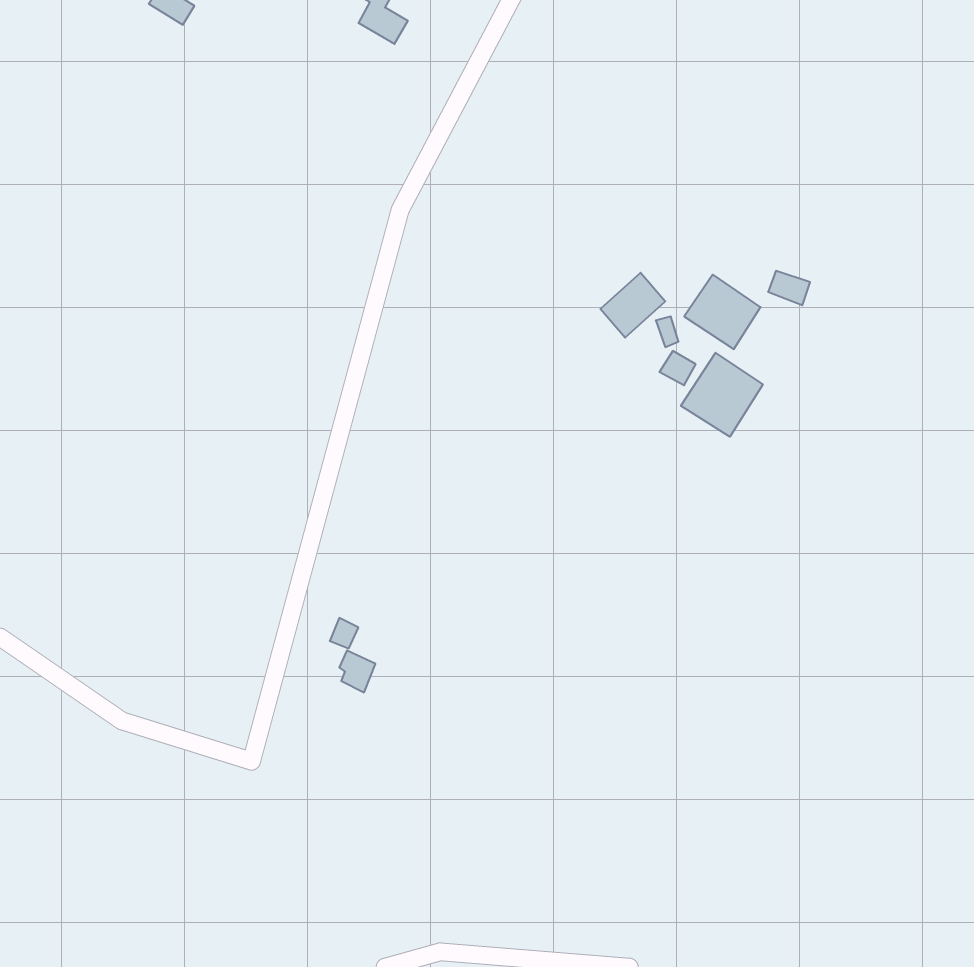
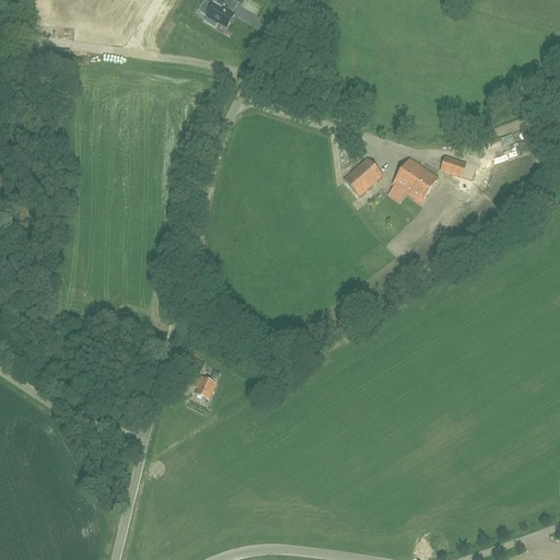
building: [681,353,763,437] -> none

